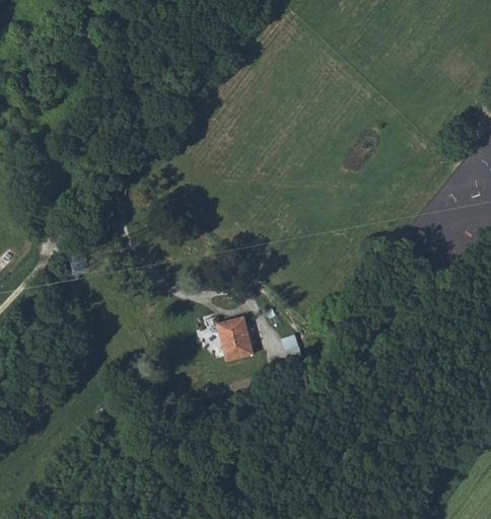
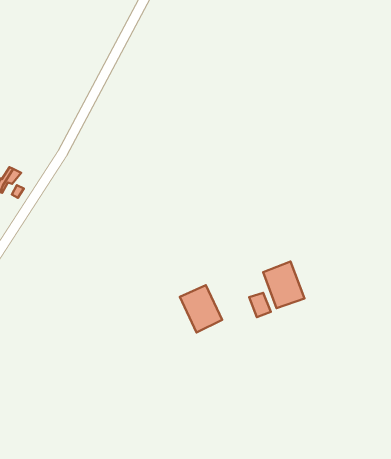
building: none -> [263,262,304,308]

